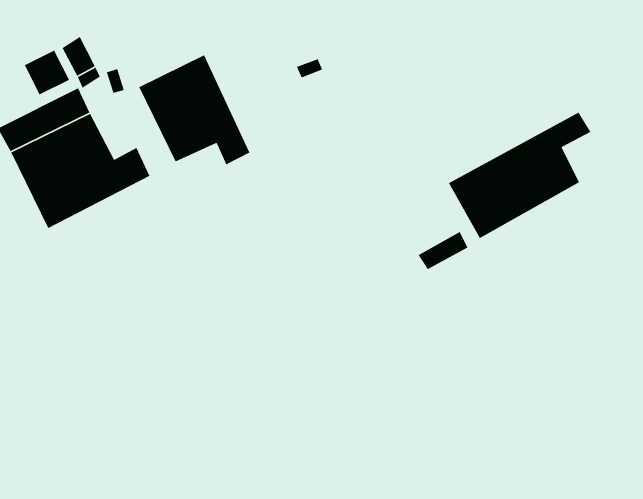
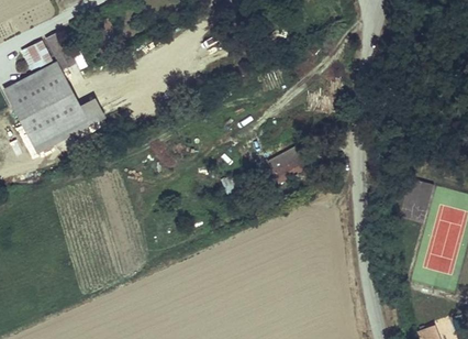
building: [138,54,250,166] -> none
building: [448,111,591,239] -> none

